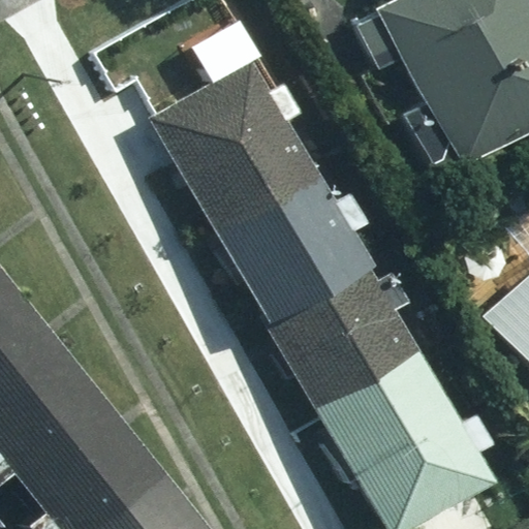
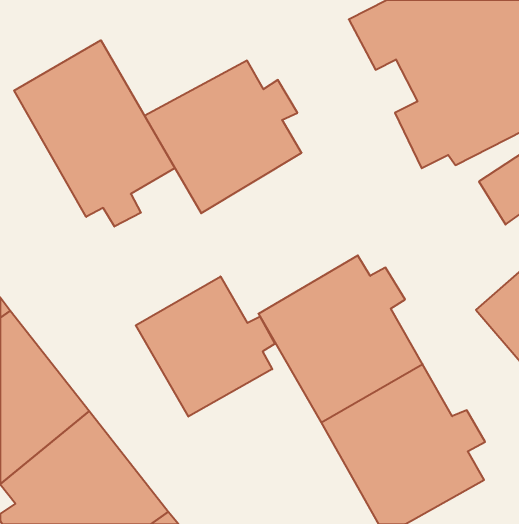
building: none -> [14,40,175,227]
building: [208,154,369,316] -> none
building: none -> [136,276,275,417]

